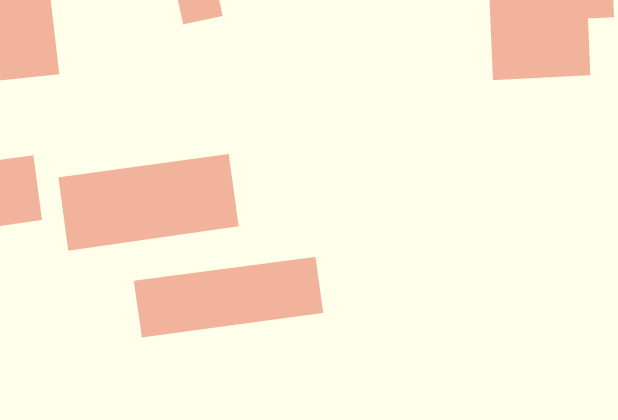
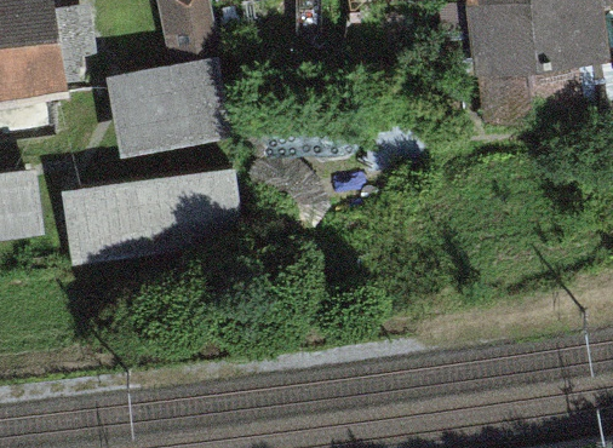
building: none -> [111,59,235,160]
building: [133,256,324,338] -> none

